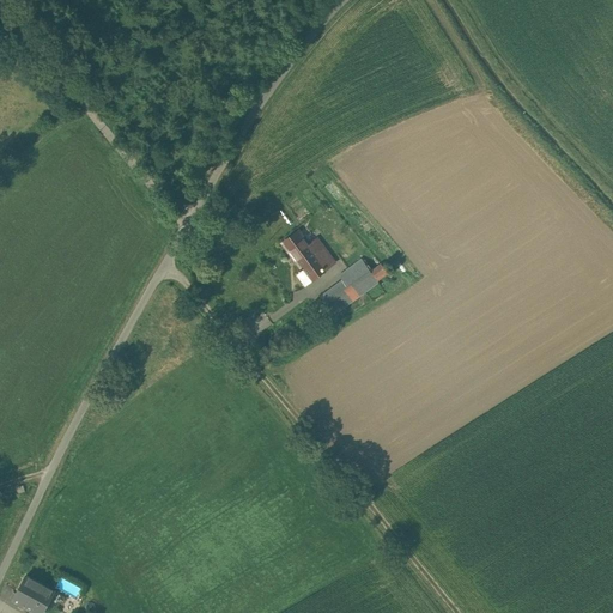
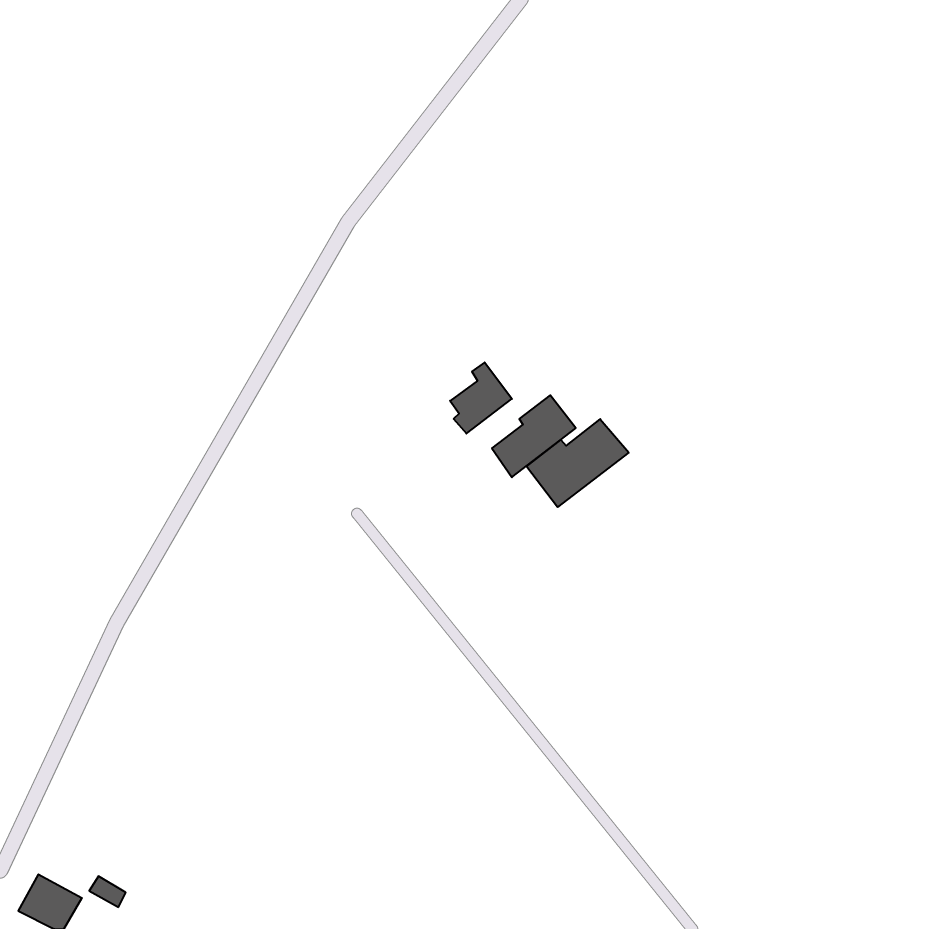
building: [280,230,314,263] -> none
building: none -> [526,419,629,507]

